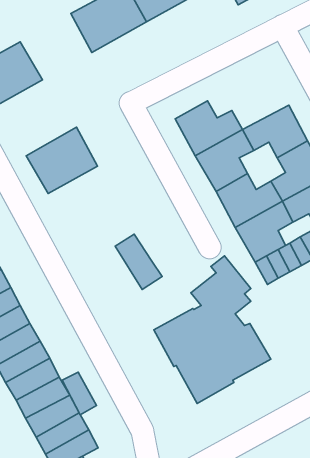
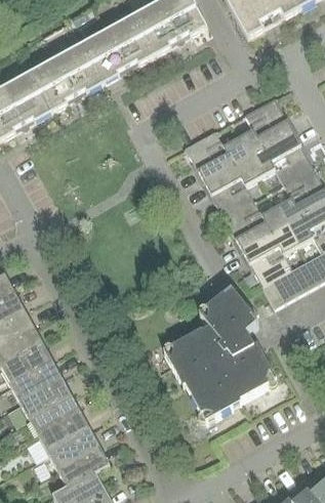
building: none -> [239,96,294,156]
building: [26,127,98,194] -> [33,43,103,108]
building: [115,234,162,290] -> none
building: [62,372,96,415] -> none

